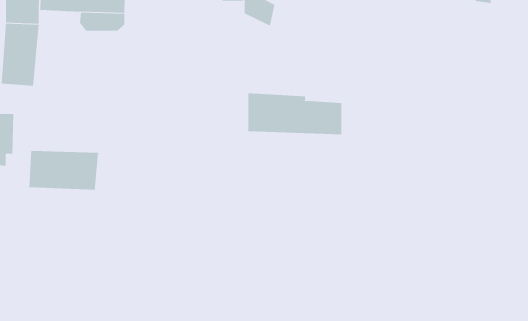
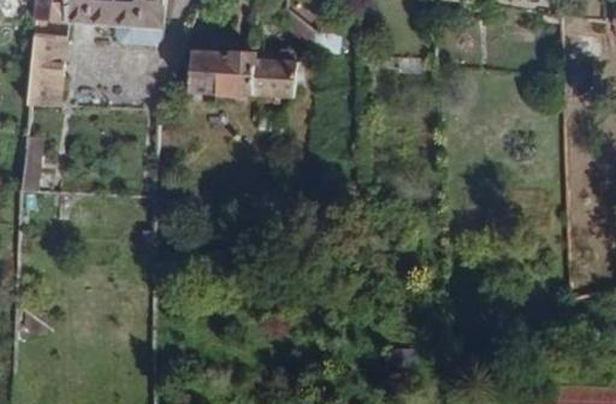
building: [247,93,342,135] -> [191,49,295,95]
building: [29,150,98,191] -> none

